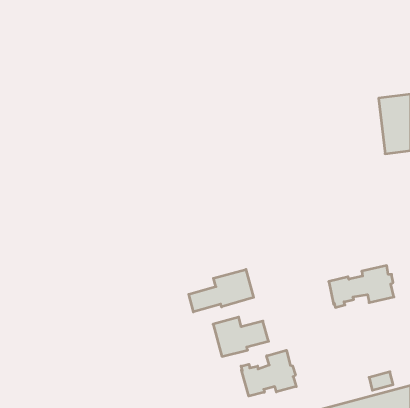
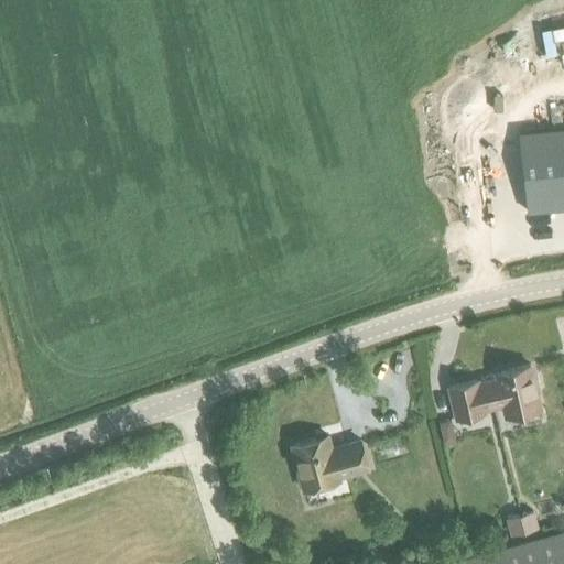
building: [189,269,254,312] -> none
building: [241,350,296,396] -> none

